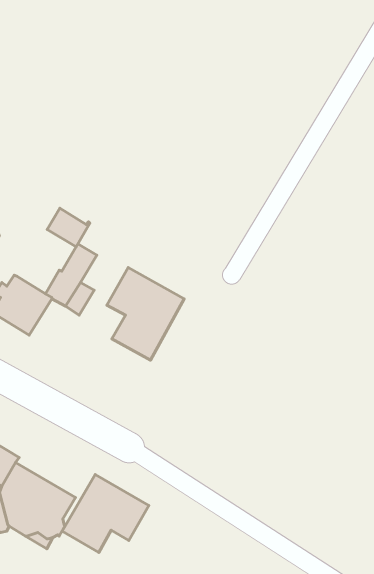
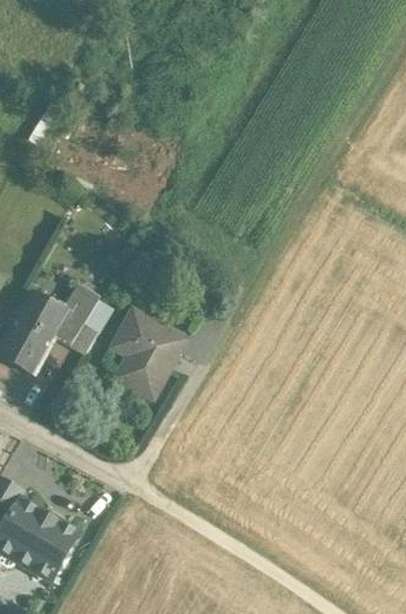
building: [47,208,90,247] -> [22,295,63,333]
building: [62,474,149,553] -> none

